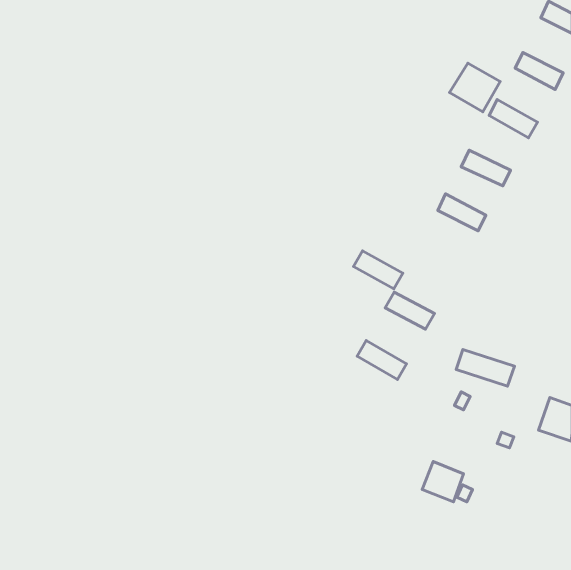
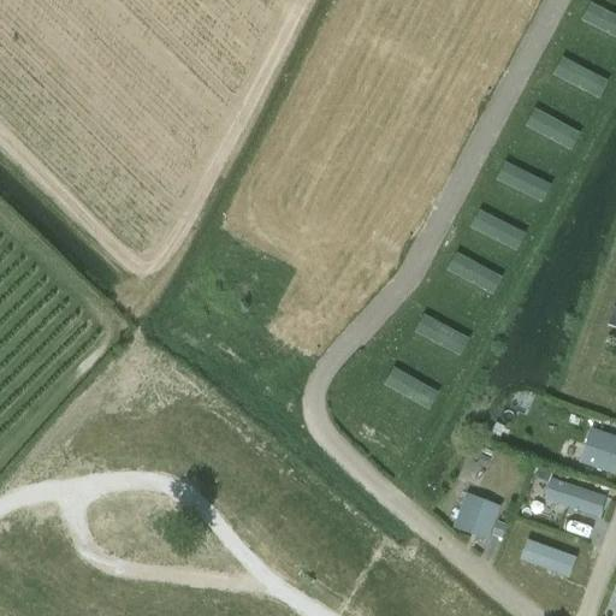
building: [450,63,500,112] -> none
building: [354,251,403,289] -> [448,251,500,292]
building: [456,349,514,386] -> [545,478,608,517]
building: none -> [522,539,576,576]

